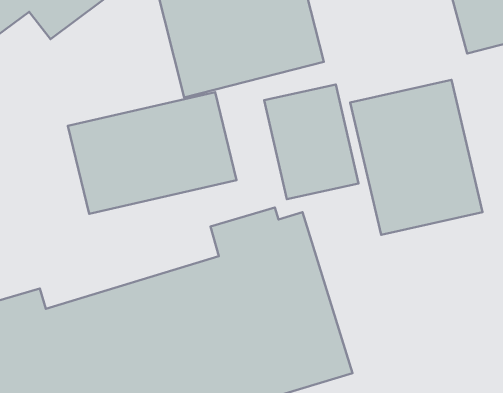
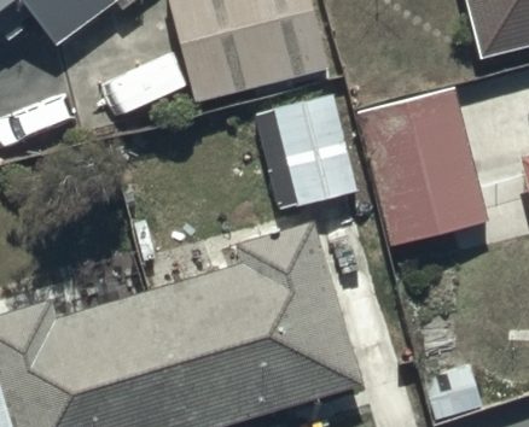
building: [68,92,236,214] -> none

